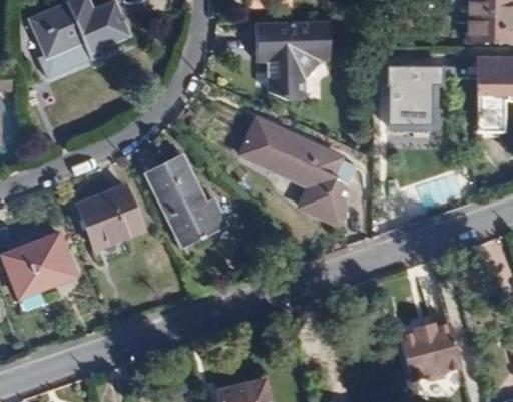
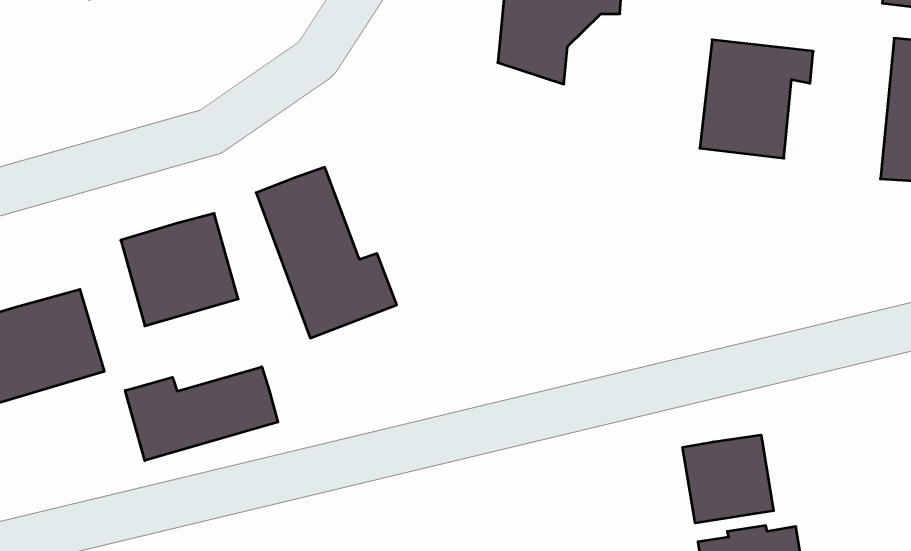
building: [237,117,349,225] -> none
building: none -> [125,367,278,461]
building: none -> [683,435,774,523]

